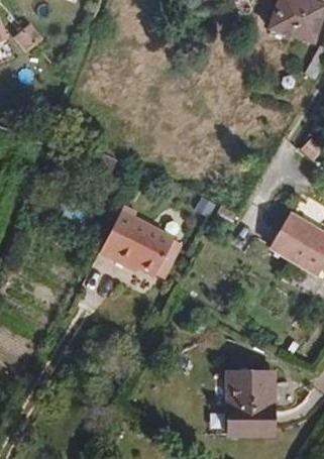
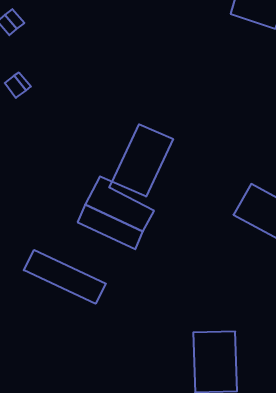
building: none -> [112,124,173,197]
building: none -> [24,250,106,304]

